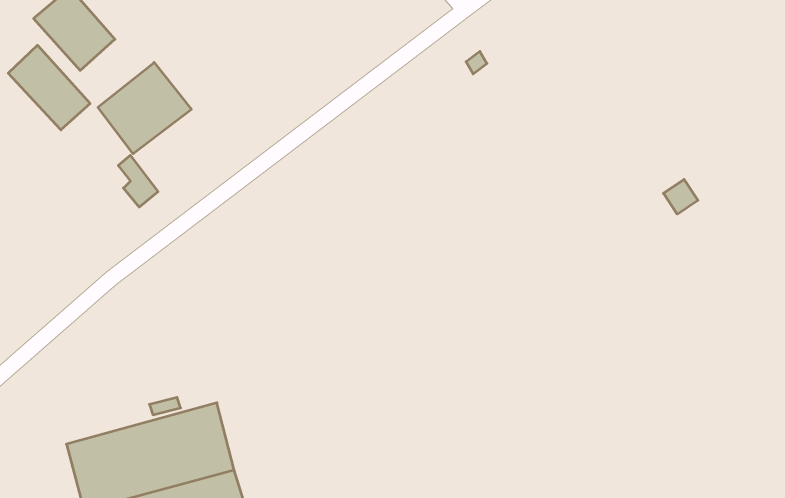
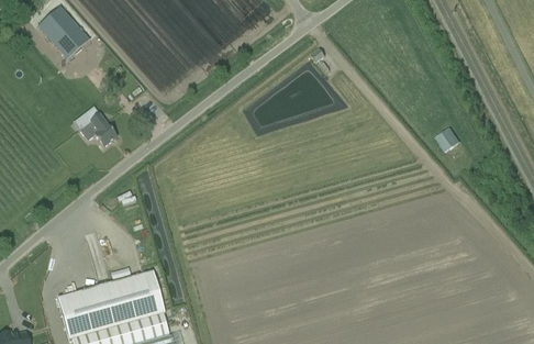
building: [8,45,90,130] -> none
building: [98,62,191,154] -> none

